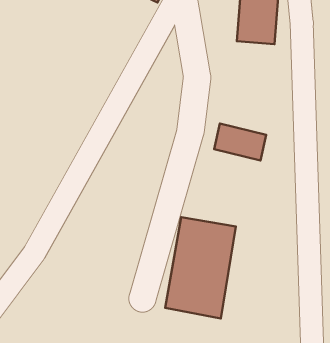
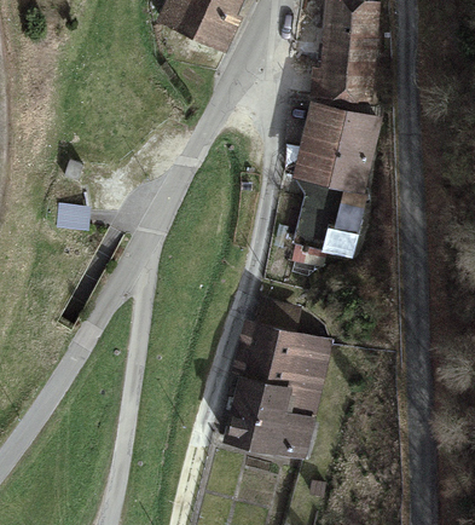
building: none -> [292,104,370,189]

